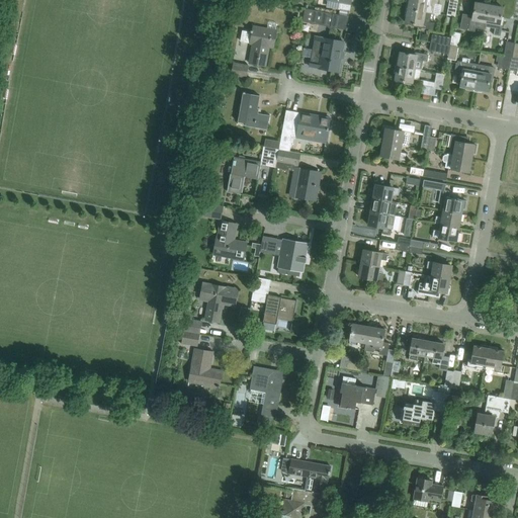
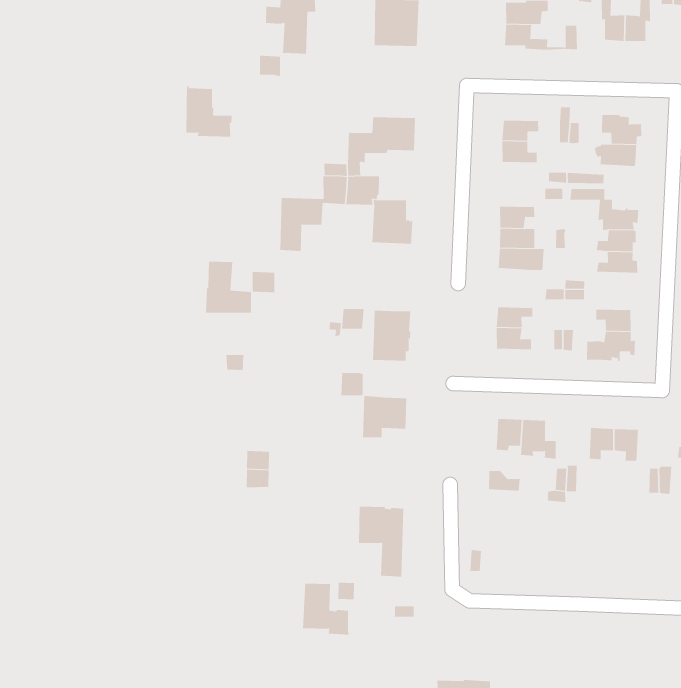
building: [238,91,270,130] -> [186,85,233,137]
building: [213,221,246,259] -> [205,261,252,313]
building: [199,283,238,322] -> none
building: [189,349,222,387] -> [302,583,350,635]
building: [340,382,376,409] -> none
building: [402,391,450,425] -> none
building: [289,459,331,494] -> none
building: [414,479,443,501] -> none

